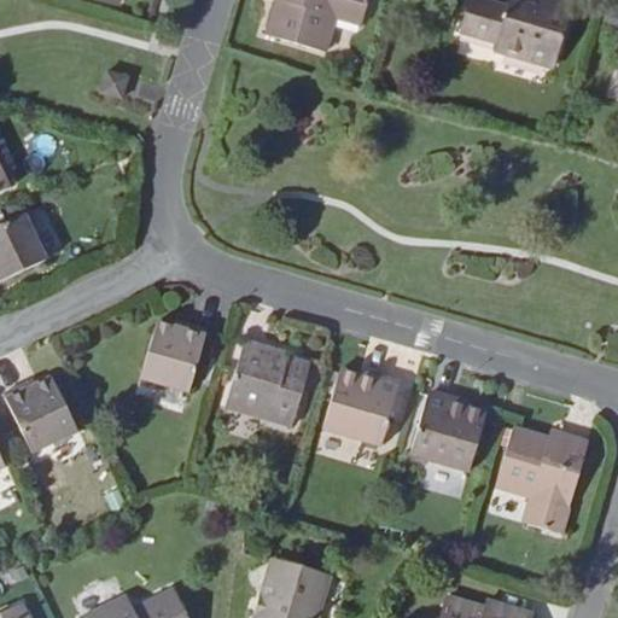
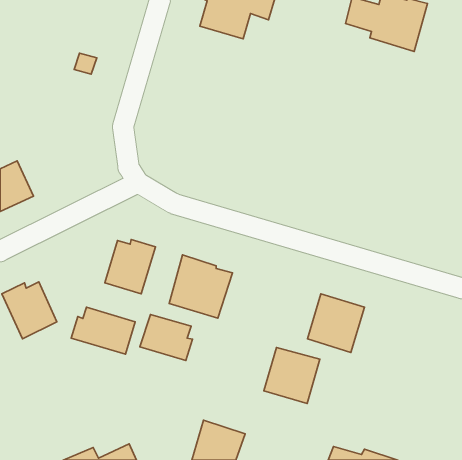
building: [323,369,398,444] -> [264,347,320,403]
building: none -> [71,307,135,354]
building: none -> [140,314,193,361]
building: [496,426,588,530] -> none

